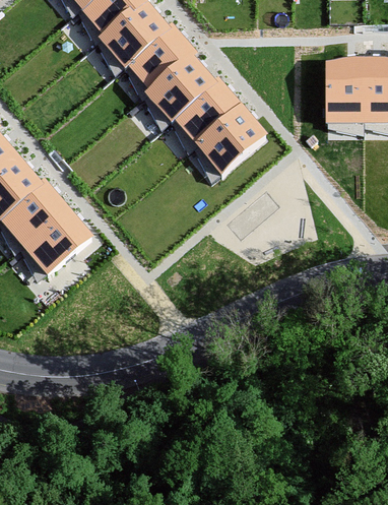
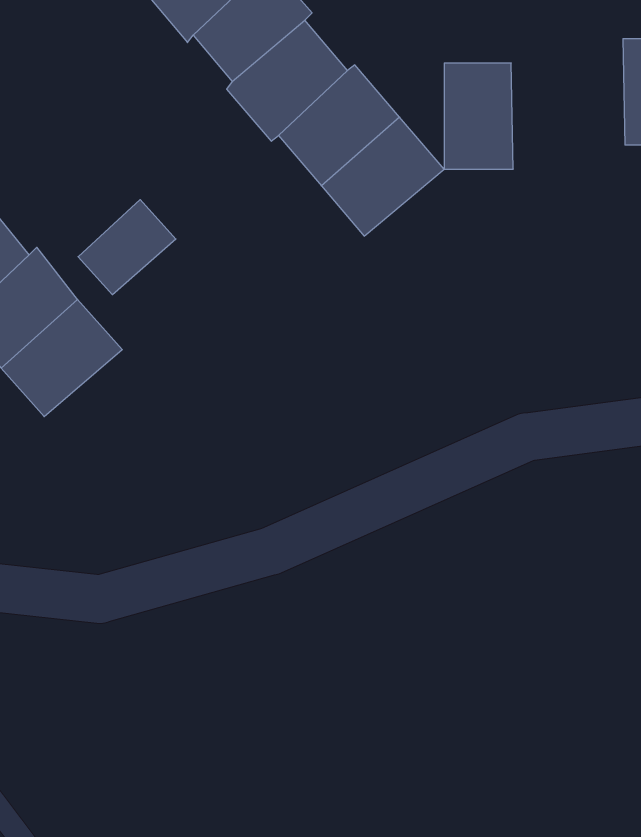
building: [325,63,363,121] -> [444,63,513,169]
building: none -> [78,200,176,295]

